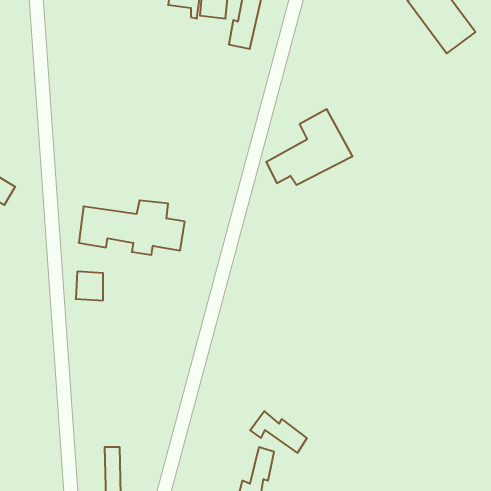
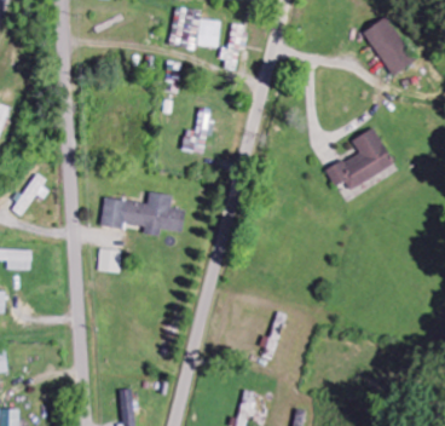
building: none -> [181,111,214,154]
building: [266,109,353,185] -> [325,128,394,189]
building: [250,411,307,453] -> none

